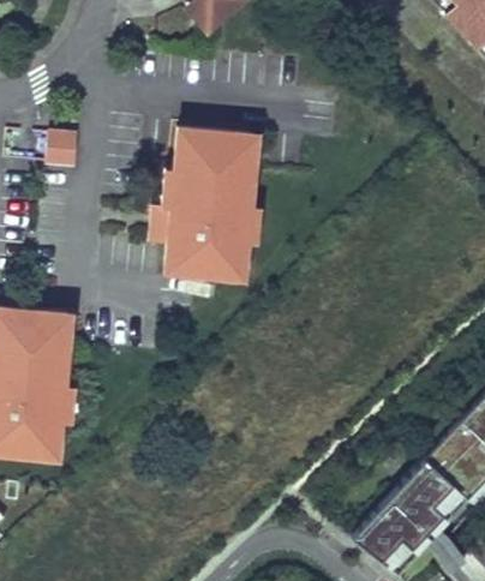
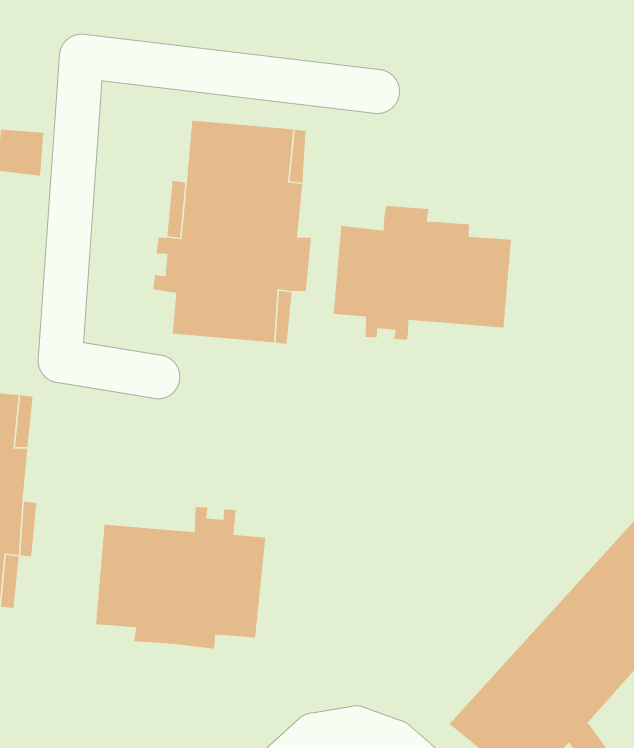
building: none -> [333,205,512,341]
building: none -> [95,506,266,650]

